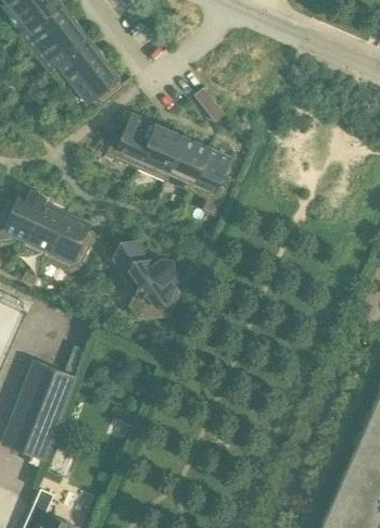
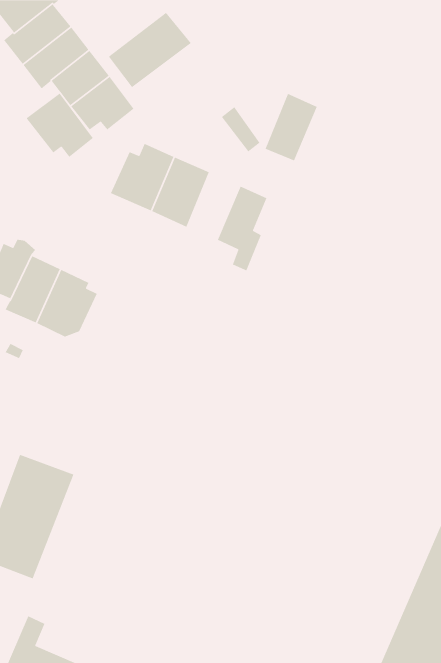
building: none -> [108,12,192,88]
building: none -> [26,92,94,158]
building: [167,137,210,191] -> [264,93,318,161]
building: [116,242,179,316] -> none

